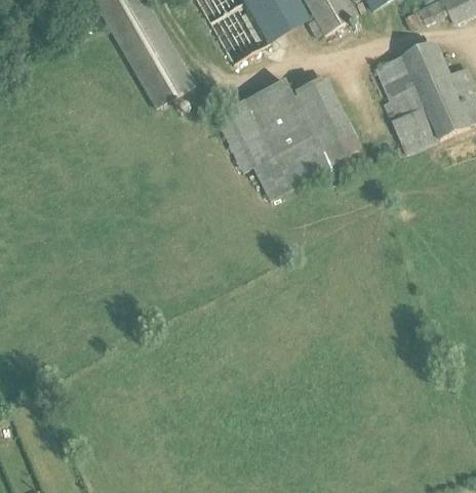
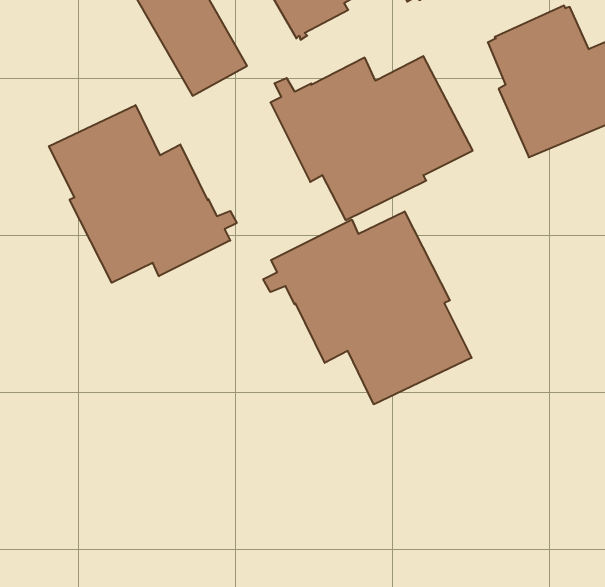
building: none -> [49,105,237,283]
building: none -> [263,211,472,404]

